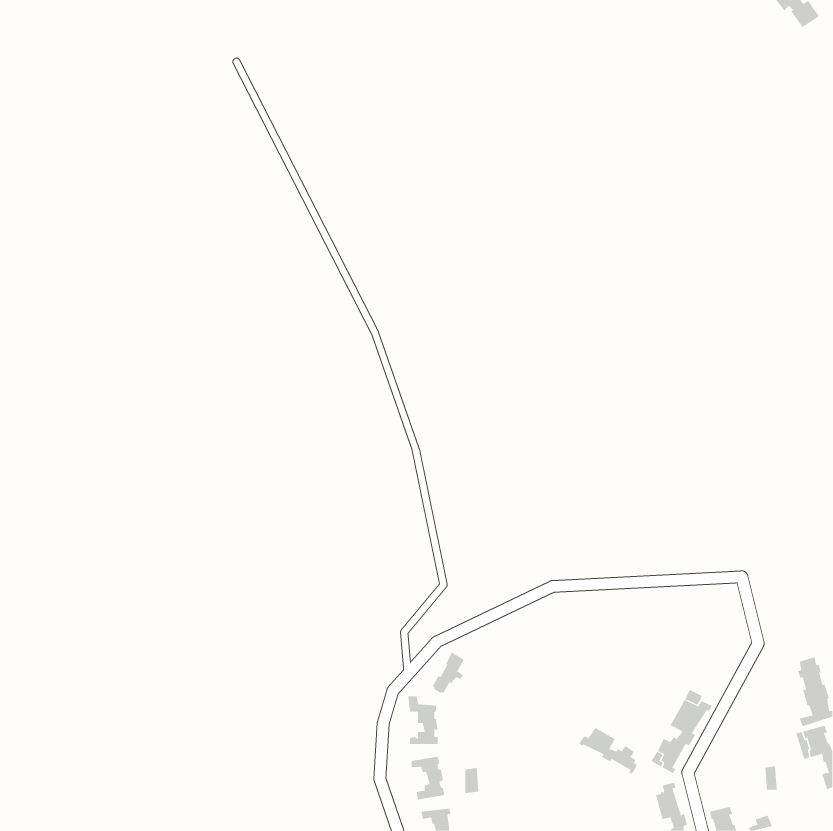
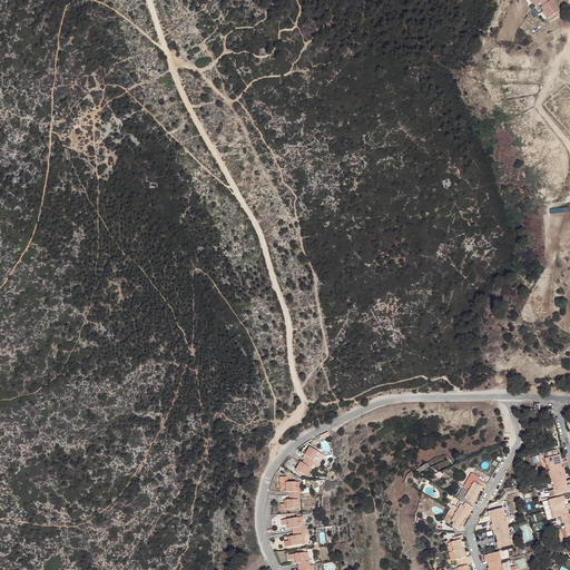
building: [578,727,638,775] -> none
building: none -> [488,507,512,548]

